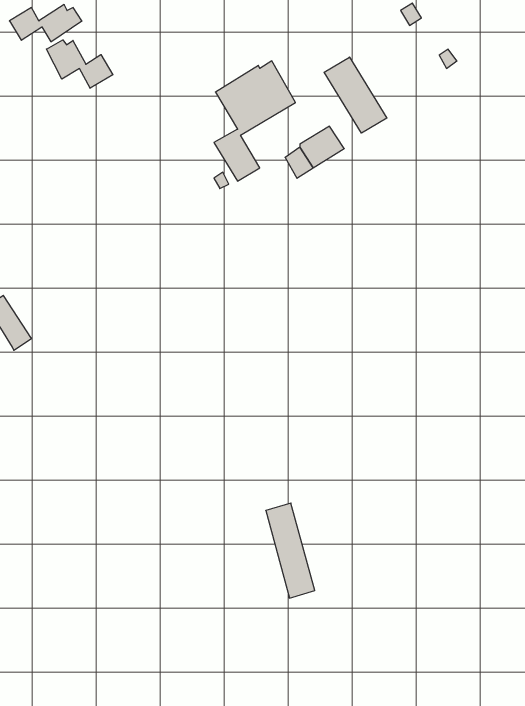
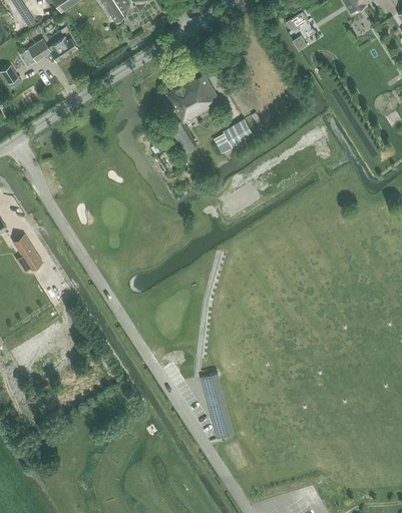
building: [46,40,113,88] -> none
building: [324,57,387,133] -> none

